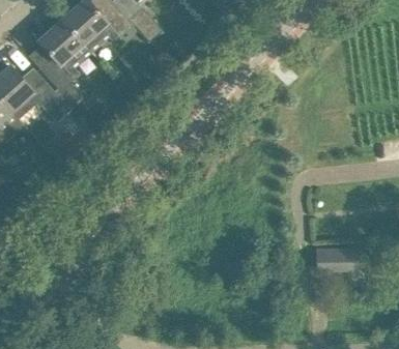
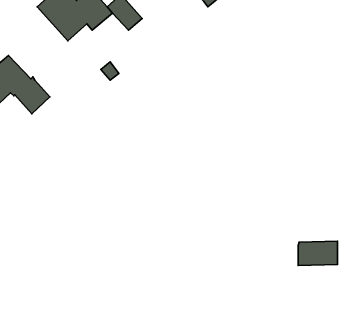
building: [38,19,91,107] -> none

